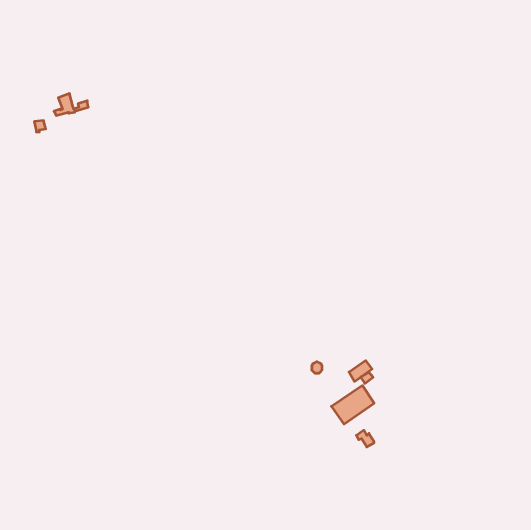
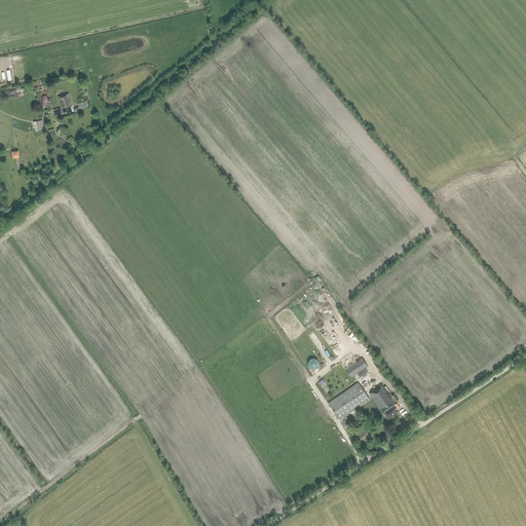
building: none -> [369,383,398,417]

